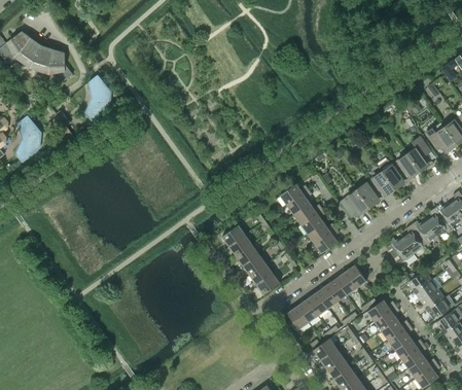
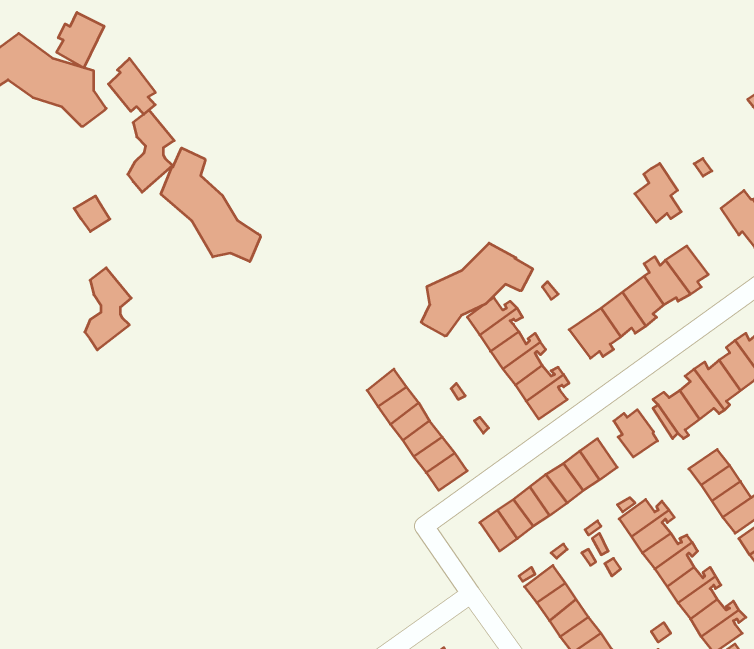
building: none -> [57,12,104,68]
building: none -> [108,58,155,114]
building: none -> [161,148,260,262]
building: [15,115,42,163] -> [85,268,131,350]
building: [406,136,433,170] -> [635,163,681,222]
building: none -> [421,243,533,336]
building: none -> [614,410,658,457]

